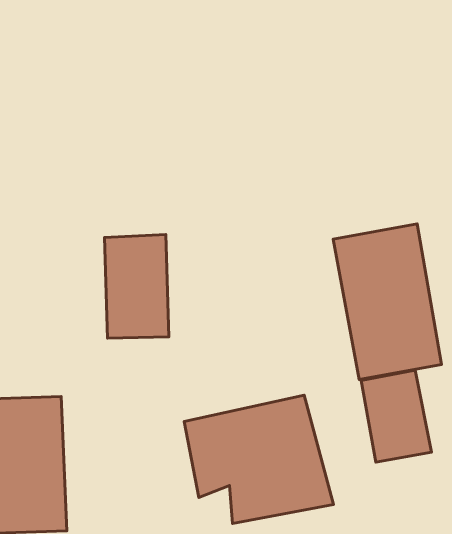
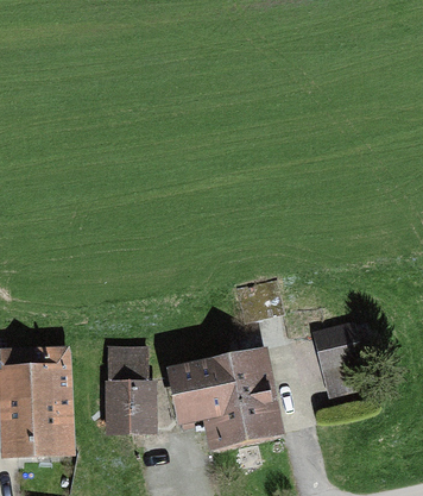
building: [333,224,442,380] -> none
building: [105,234,169,338] -> [102,350,154,434]

